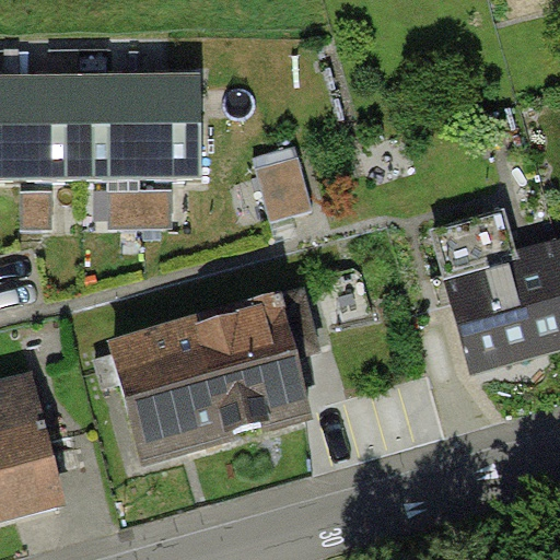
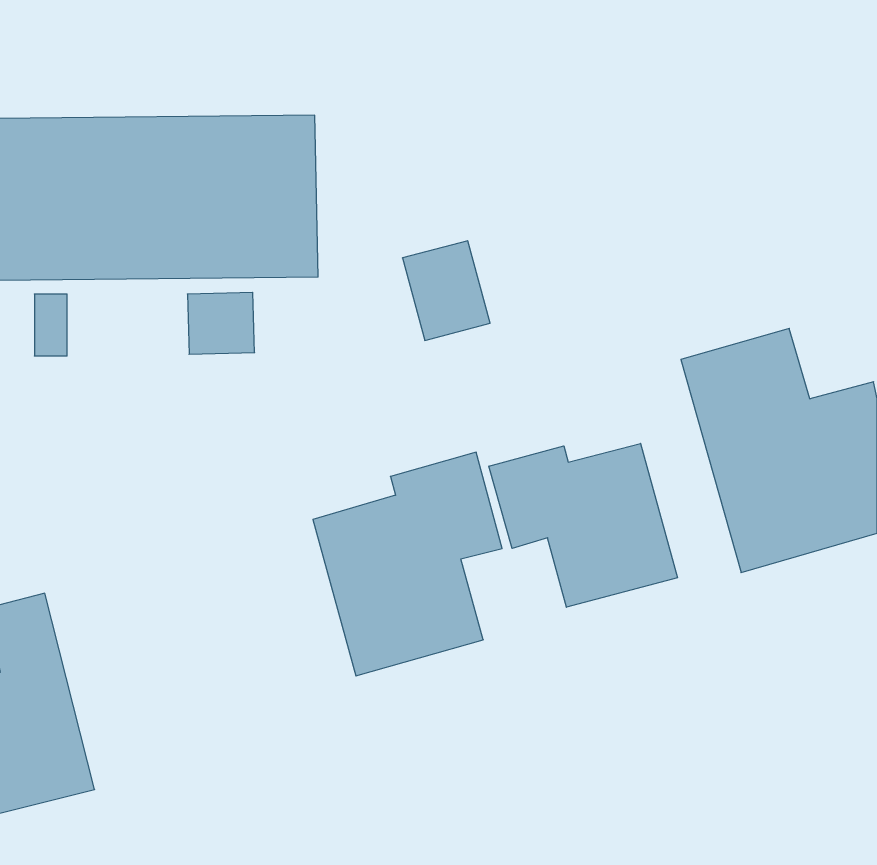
building: none -> [489,443,677,607]
building: [95,330,226,453] -> none

